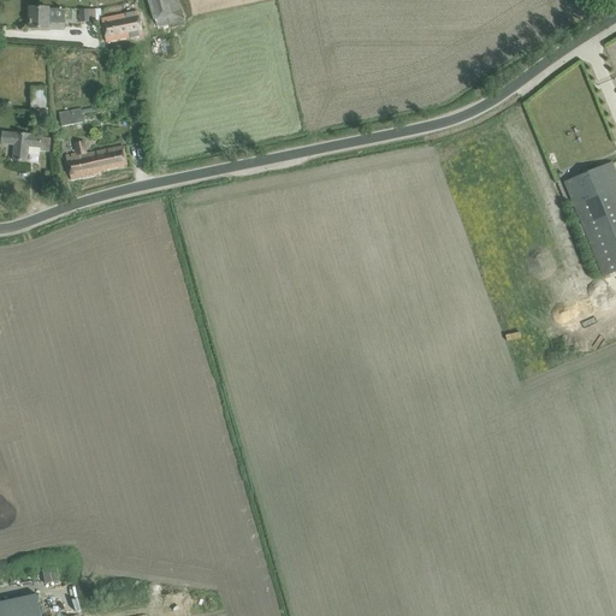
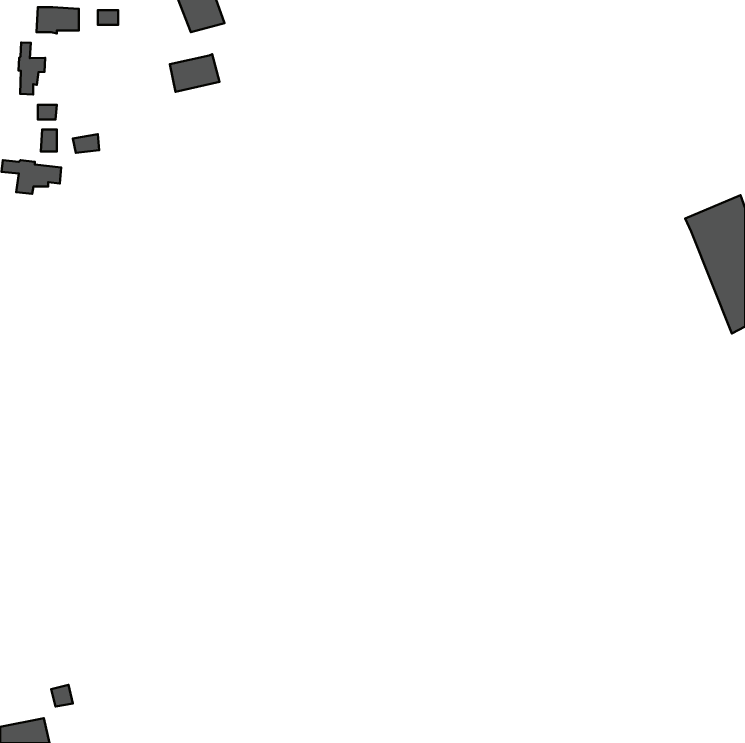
building: [101,10,142,41] -> [170,54,219,92]
building: none -> [19,43,45,94]
building: [66,141,128,179] -> none

